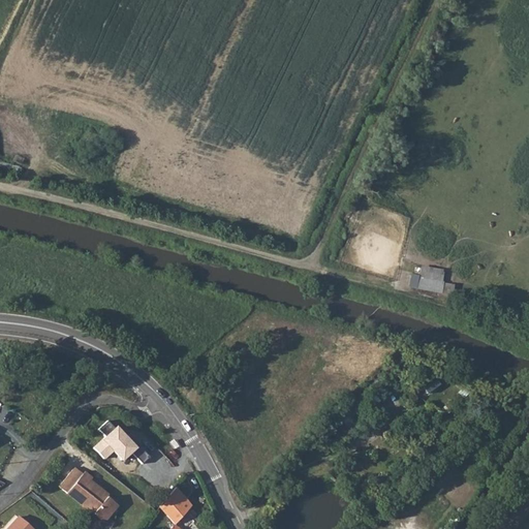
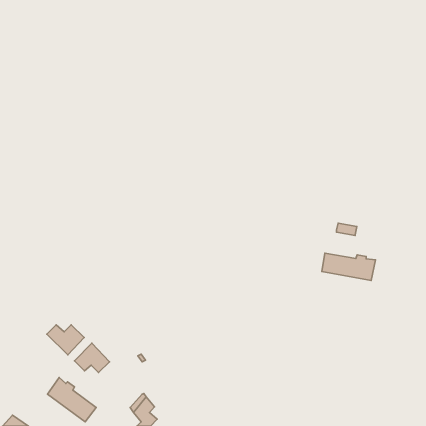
building: none -> [322,253,376,281]
building: none -> [47,325,84,355]

